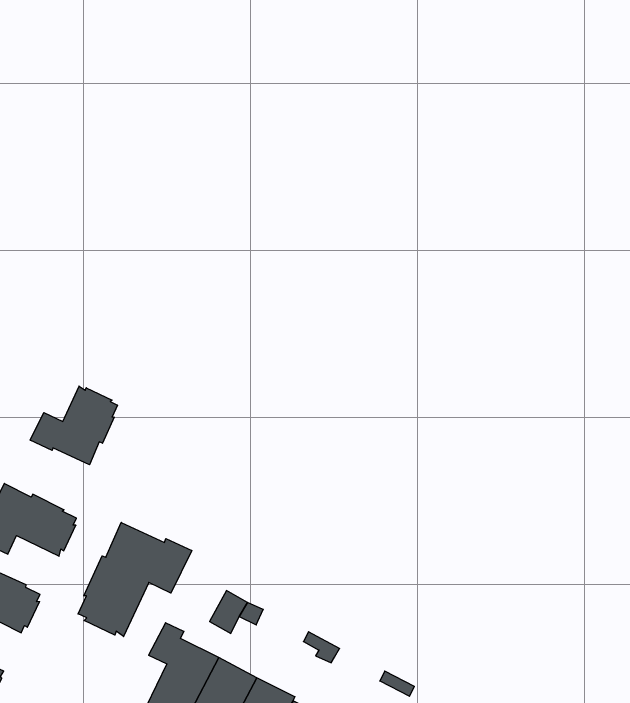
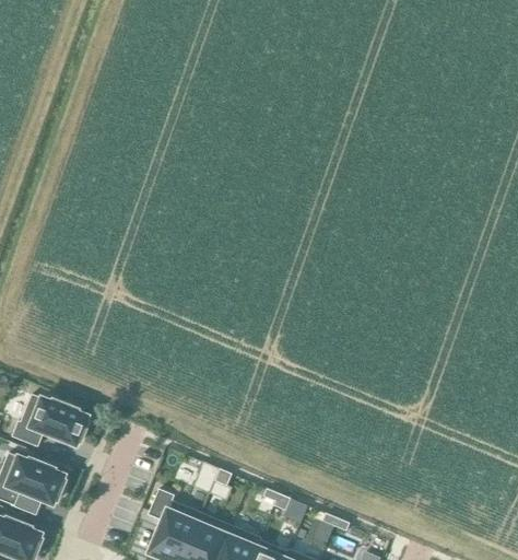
building: [30,386,117,465] -> none
building: [78,522,192,637] -> none

